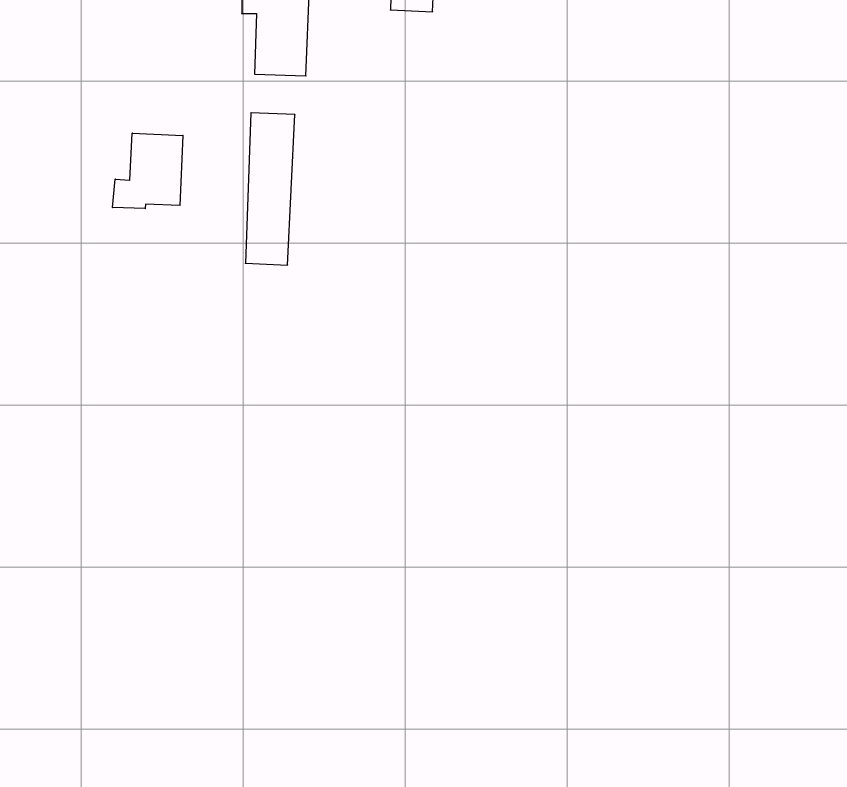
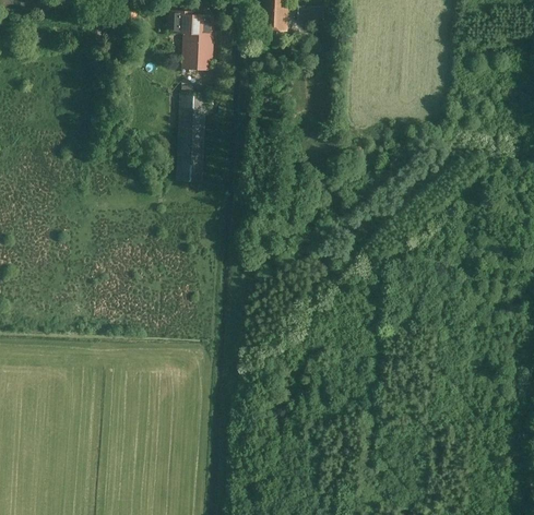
building: [113,133,183,209] -> none

